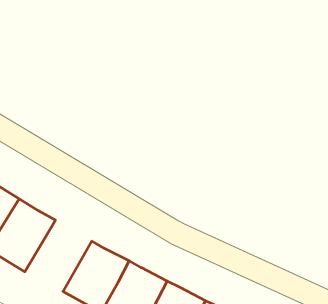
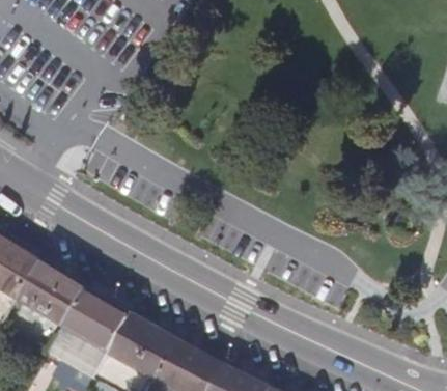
building: none -> [50,287,132,378]

